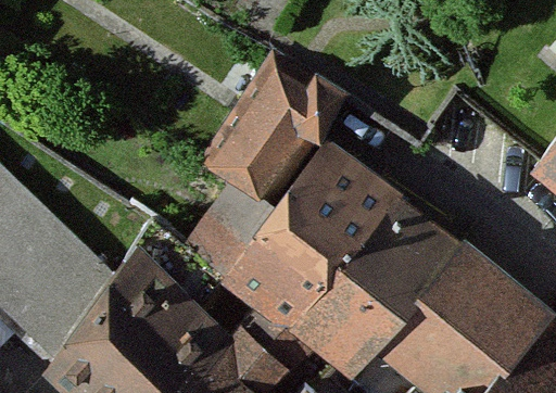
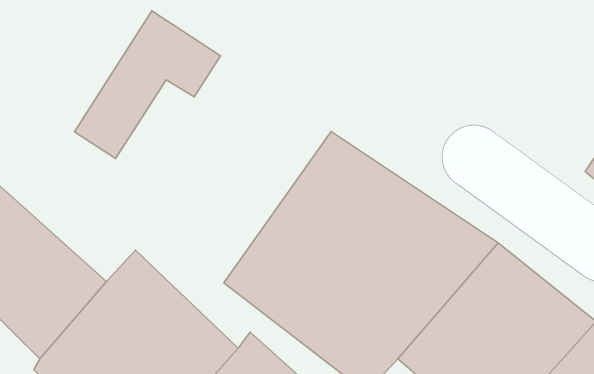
building: [206,61,338,193] -> [74,11,221,159]

